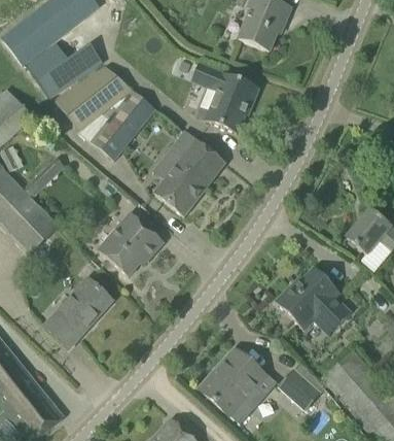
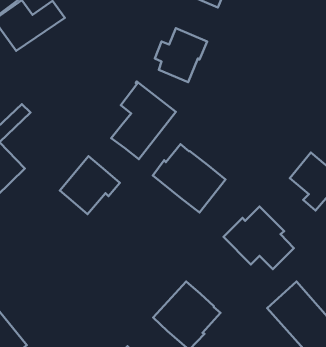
building: [53,65,155,159] -> none
building: none -> [153,144,225,213]
building: [47,279,111,345] -> none
building: [278,367,321,408] -> none

